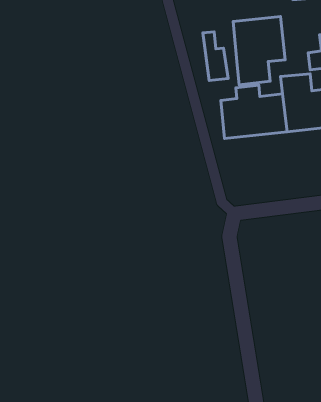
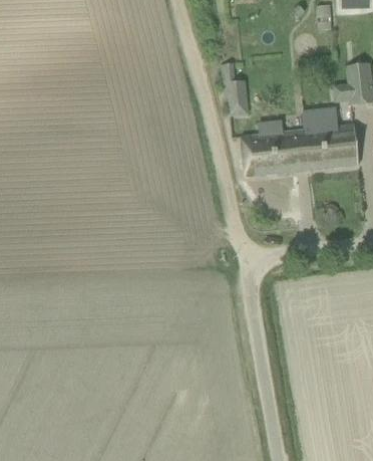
building: [233,17,285,85] -> none

